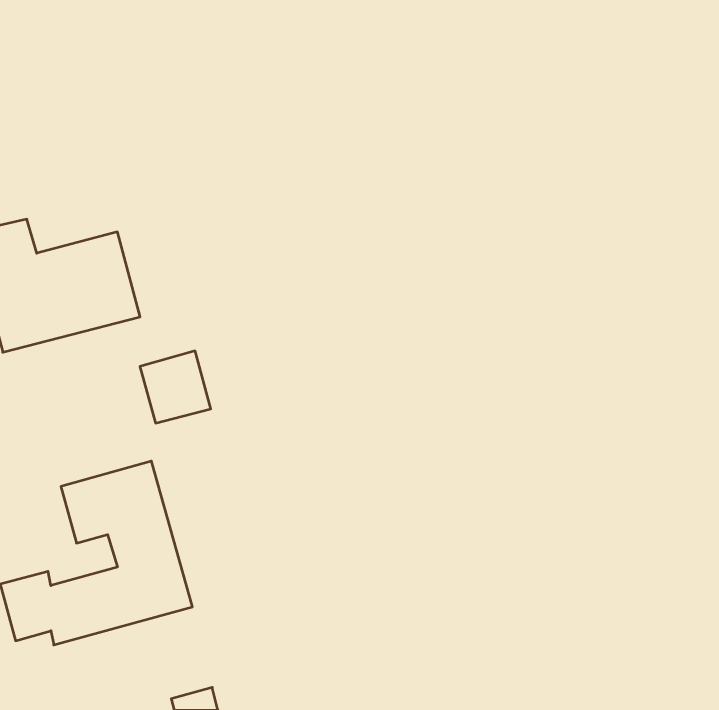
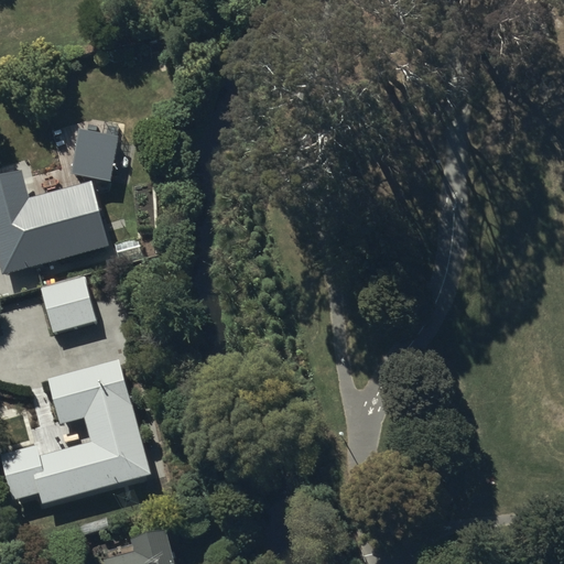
building: none -> [73,131,117,180]
building: [140,351,211,423] -> [41,273,96,329]

